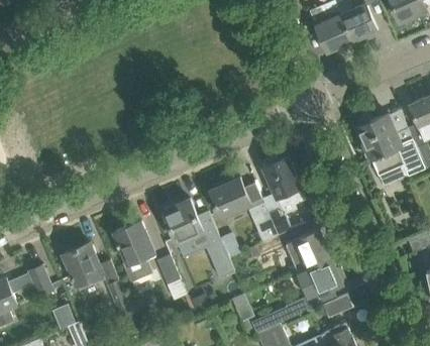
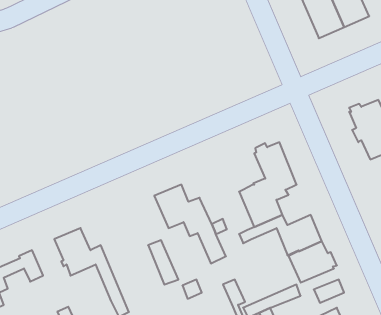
building: [210,179,261,218] -> none
building: [113,221,154,281] -> none

